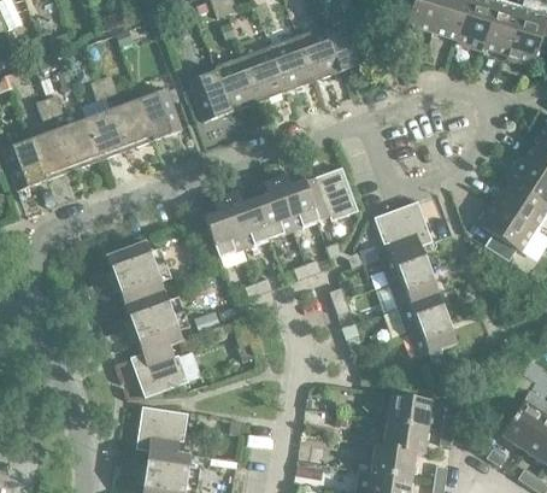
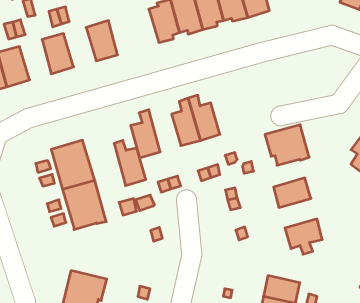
building: [184,70,231,122] -> none
building: [111,99,154,149] -> none
building: [57,118,99,170] -> none
building: [302,168,358,221] -> none
building: [225,192,269,248] -> [114,140,146,186]
building: [380,245,428,282] -> none
building: [398,293,447,333] -> none
building: [130,344,188,398] -> none

